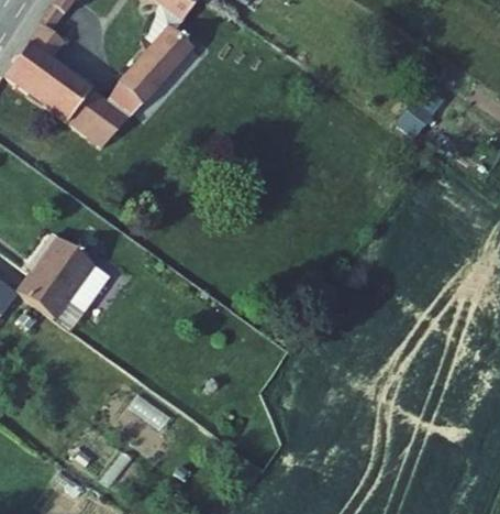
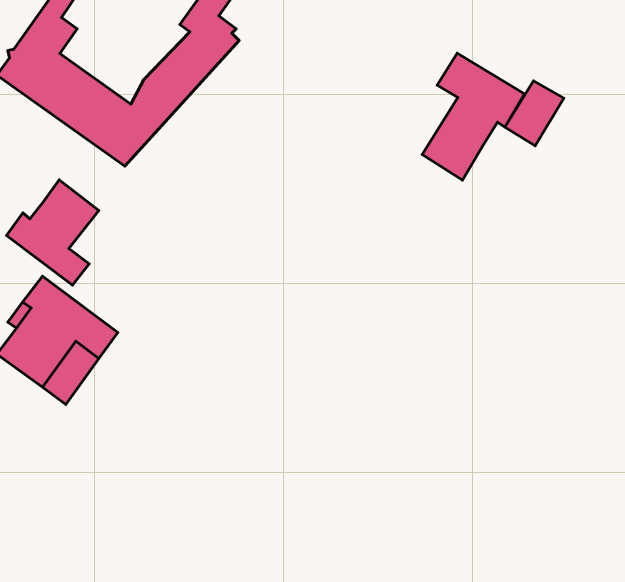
building: none -> [422,53,524,180]
building: none -> [7,180,99,285]

